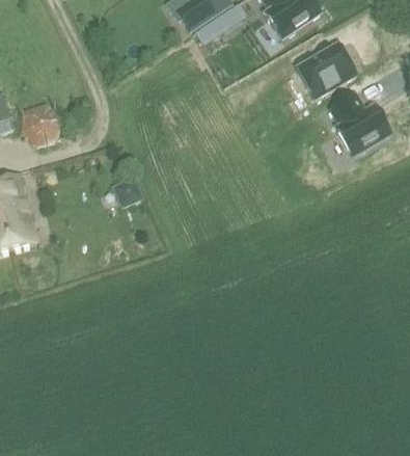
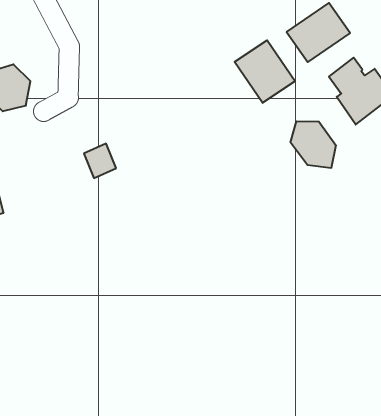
building: none -> [235,40,295,103]
building: none -> [291,121,336,168]

